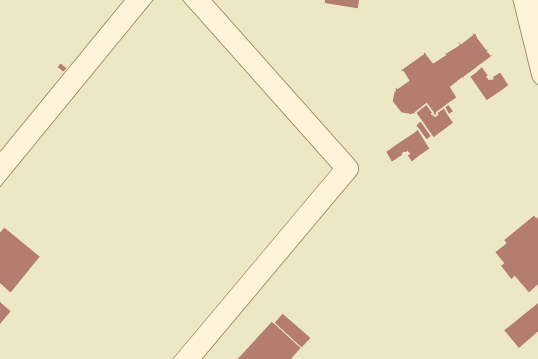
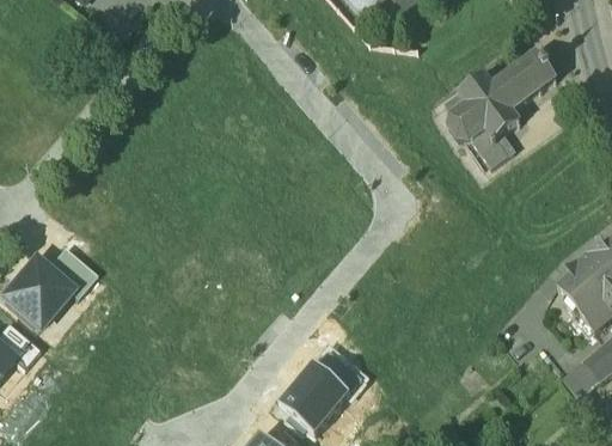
building: [469,66,509,102] -> none
building: [385,129,431,163] -> none
building: none -> [45,248,98,298]

